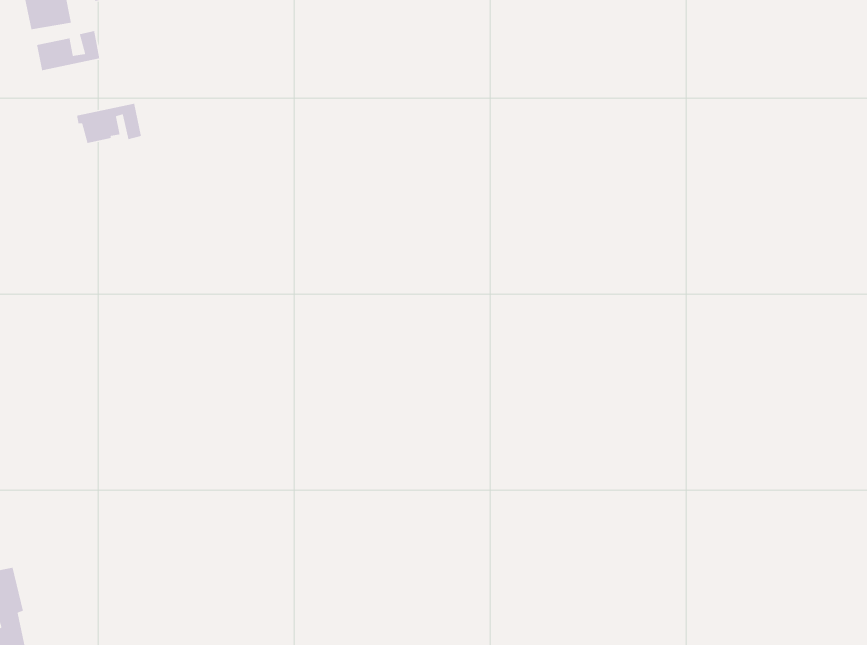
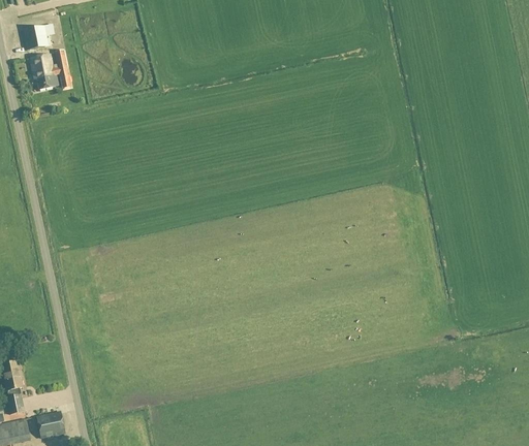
building: [76,103,142,144] -> [32,65,70,89]

